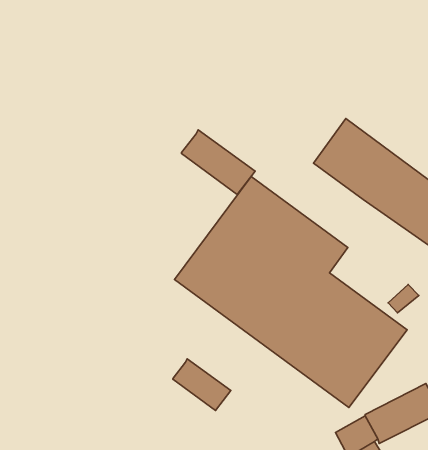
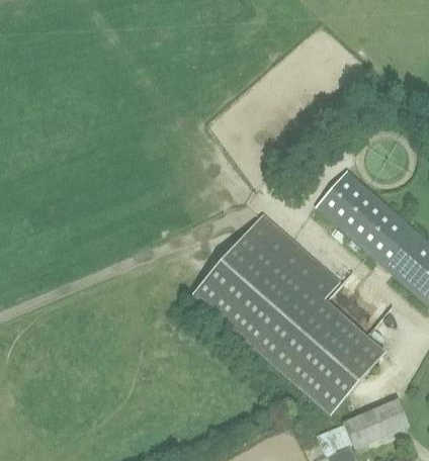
building: [181,130,255,195] -> none
building: [173,359,231,411] -> none

